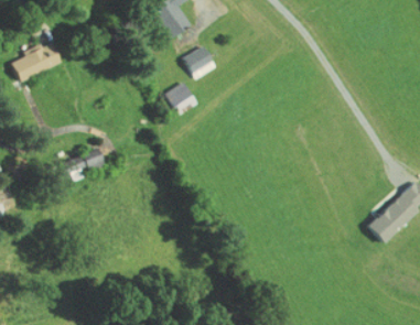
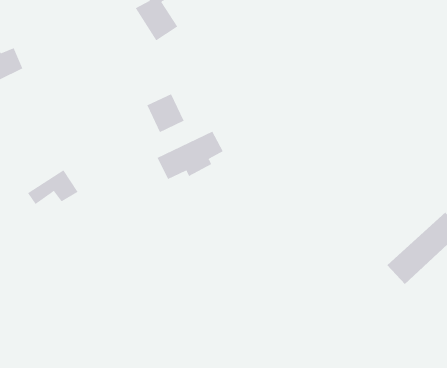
building: [182,45,215,78] -> none
building: none -> [157,131,224,180]

